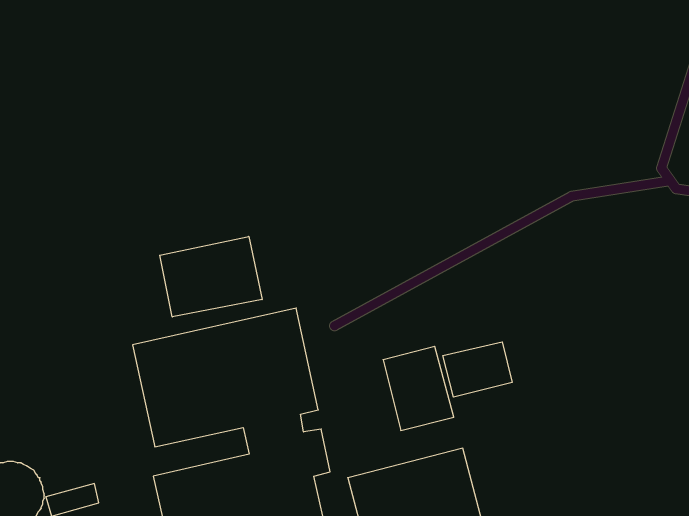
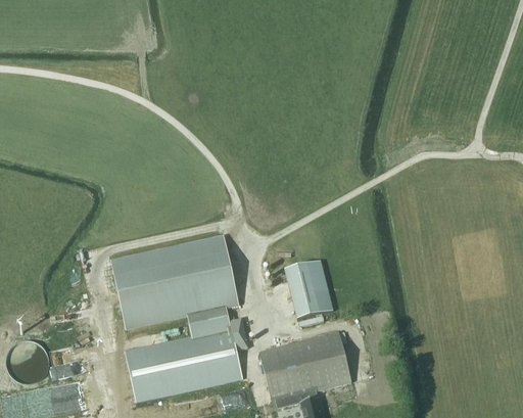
building: [160,236,262,317] -> none
building: [443,342,512,397] -> none

